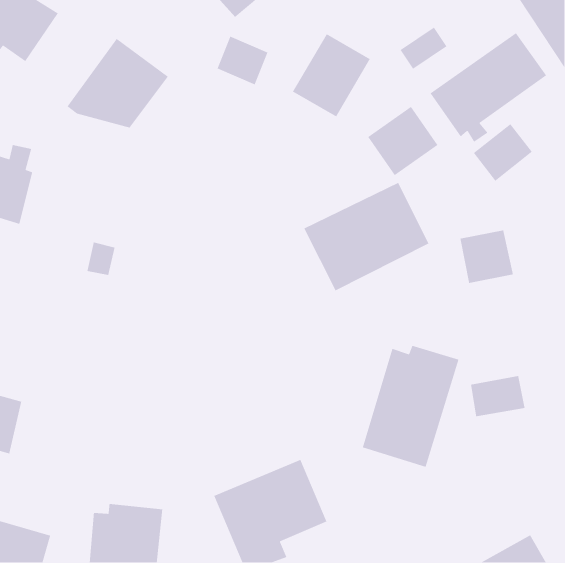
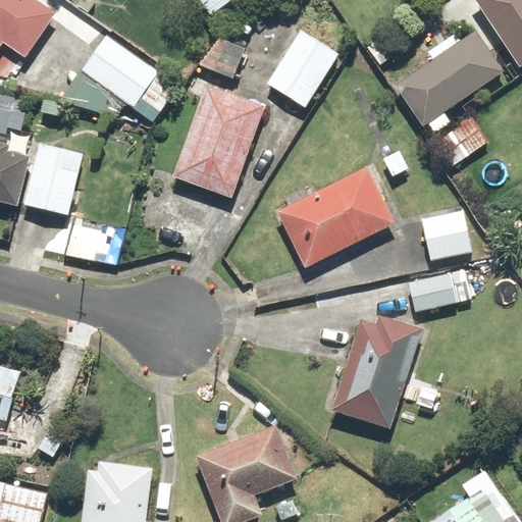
building: none -> [171,84,265,200]
building: [367,106,439,176] -> none
building: none -> [24,142,85,216]
building: [470,375,526,417] -> [407,272,458,311]

